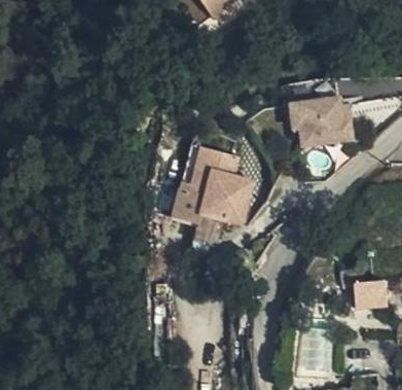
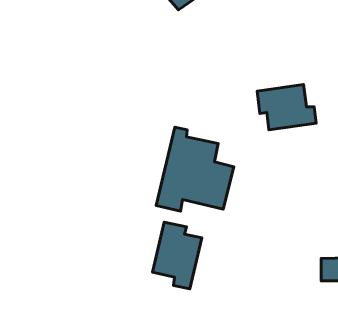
building: none -> [152,222,202,289]

